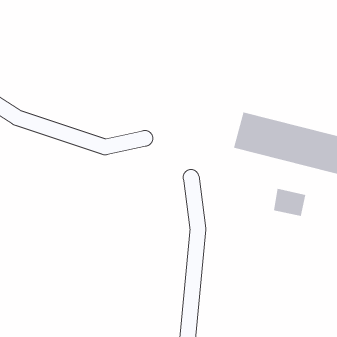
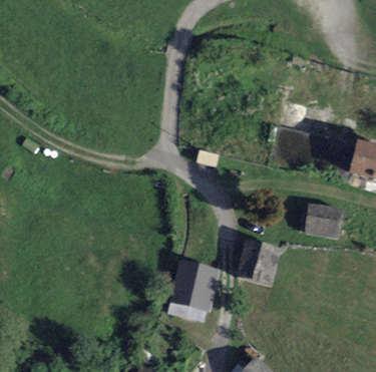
building: none -> [240,240,275,279]
building: none -> [174,262,212,305]

